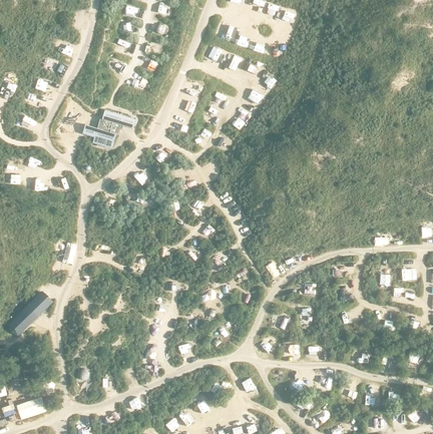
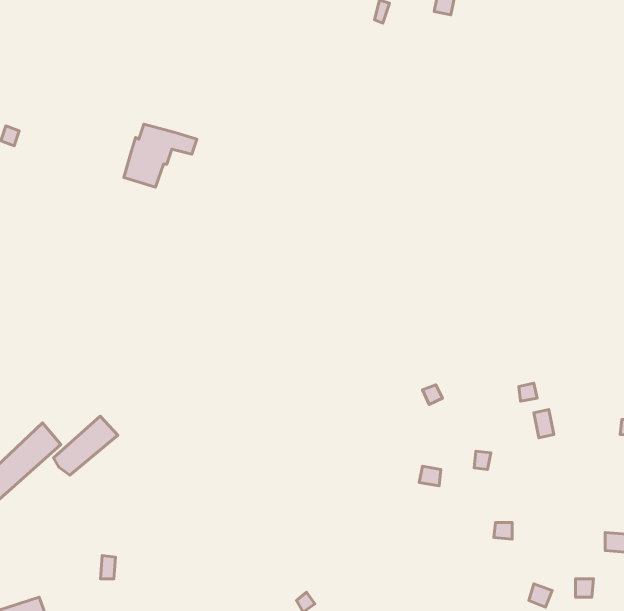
building: none -> [53,416,118,475]

